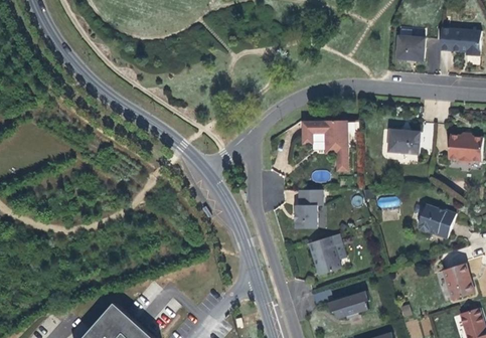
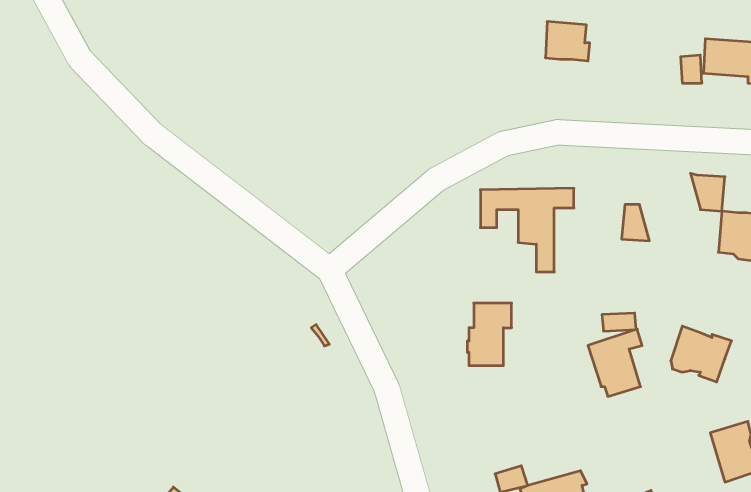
building: [396,36,424,60] -> [545,22,590,61]
building: [399,130,421,153] -> [690,173,725,211]
building: [308,233,341,275] -> [588,329,642,396]

